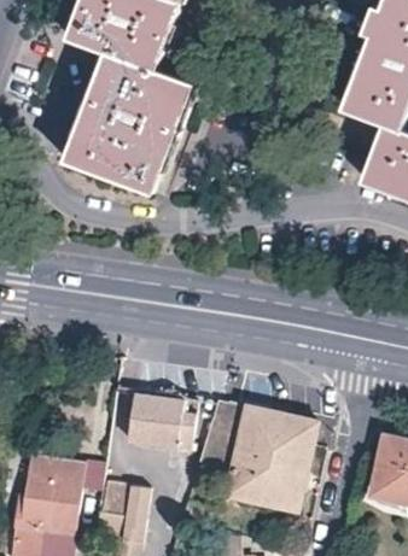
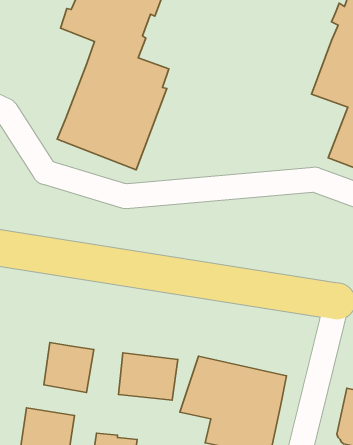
building: none -> [44,343,94,393]

